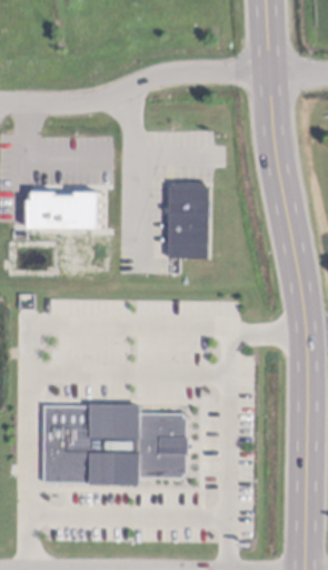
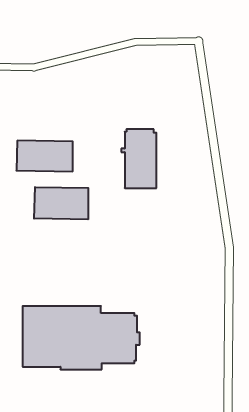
building: none -> [34,187,88,219]

